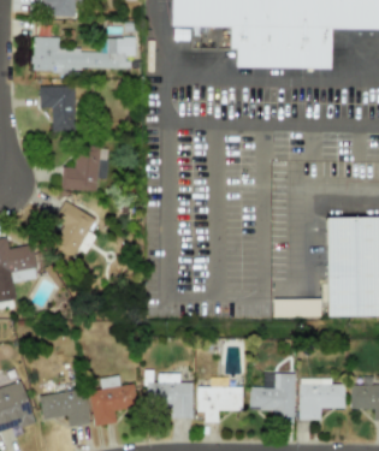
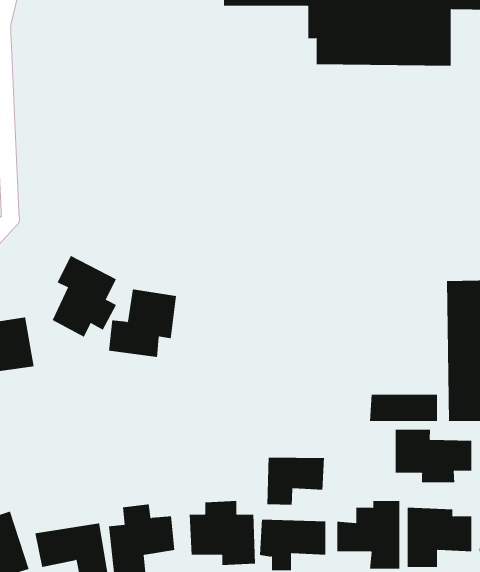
building: [34,37,136,70] -> none
building: [41,85,76,132] -> none
building: [61,144,109,192] -> [108,289,177,358]
building: none -> [395,429,472,483]
building: none -> [267,457,324,506]

